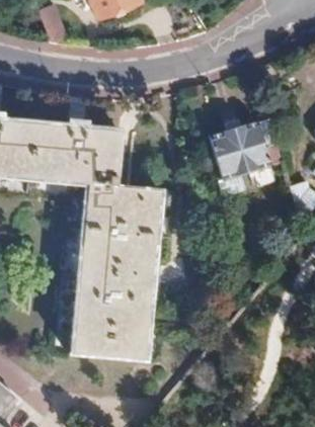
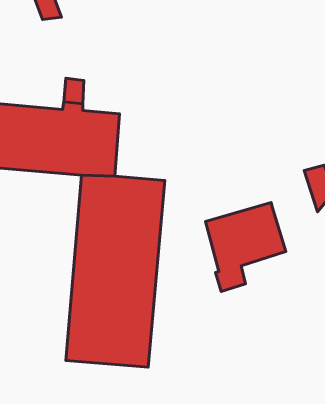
building: [210,117,283,198] -> [206,203,286,291]

